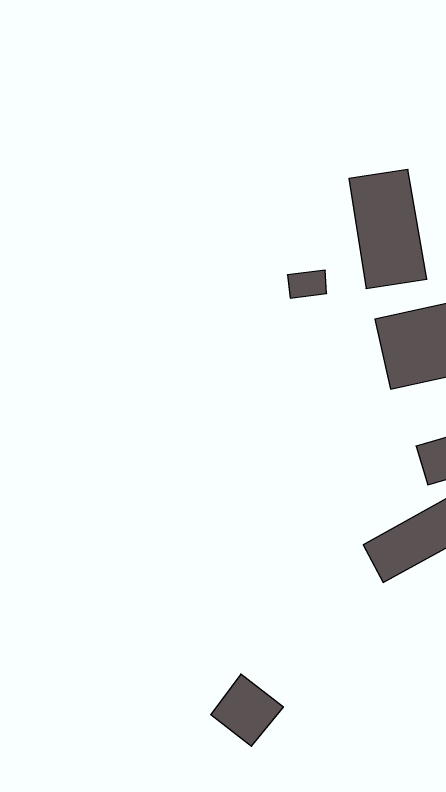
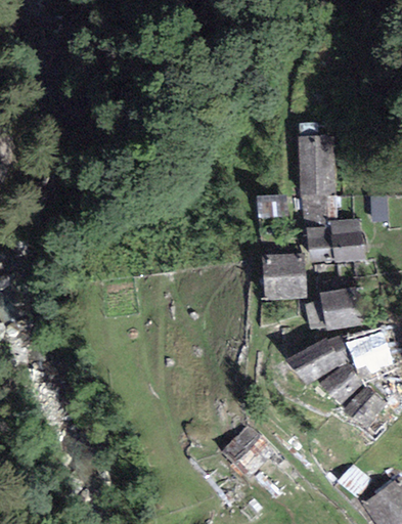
building: none -> [260,262,297,292]
building: [211,674,283,746] -> [228,423,273,468]

